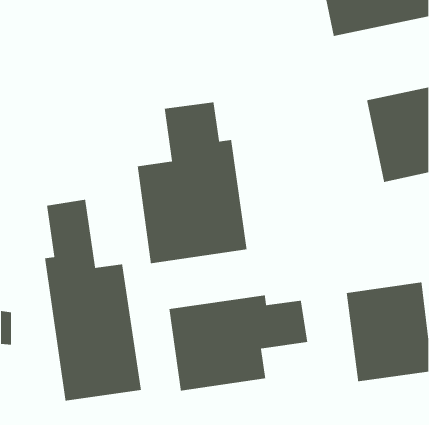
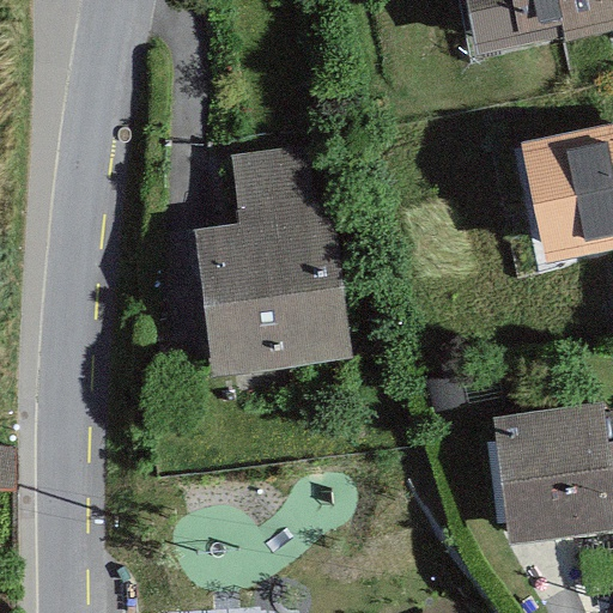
building: [44,199,142,401] -> none
building: [168,295,308,392] -> none

